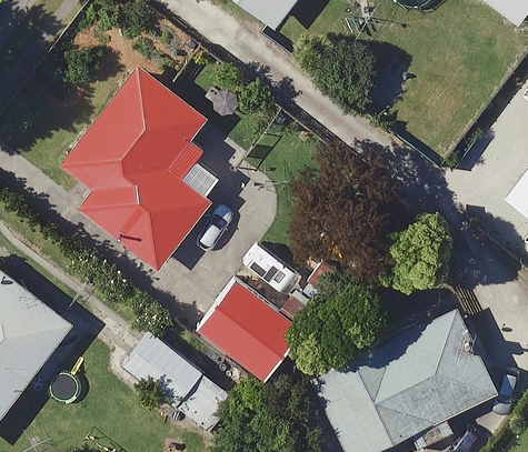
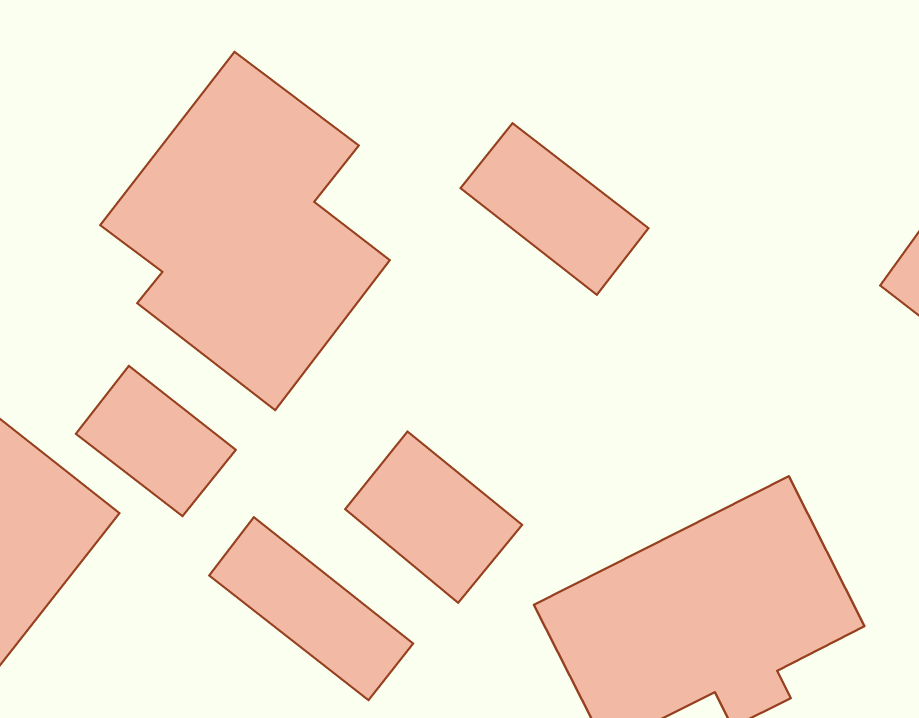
building: none -> [460,123,648,295]
building: none -> [76,366,236,516]

